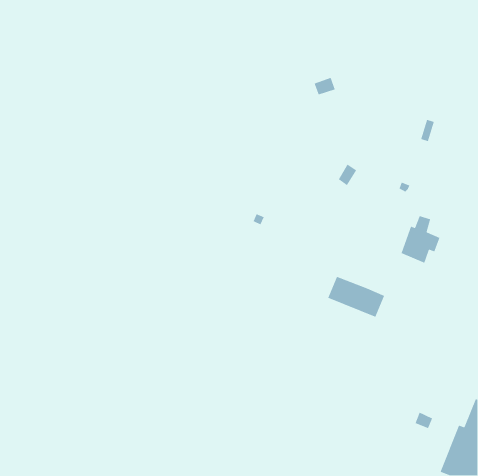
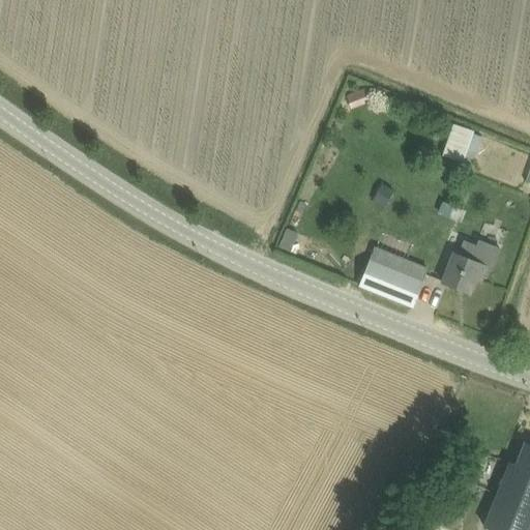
building: [327,276,385,318] -> [359,258,423,304]

